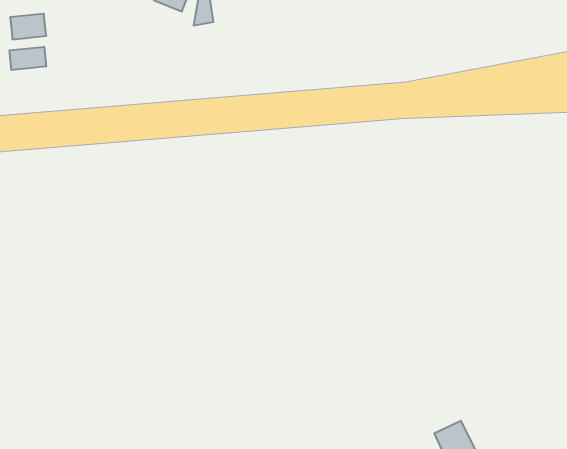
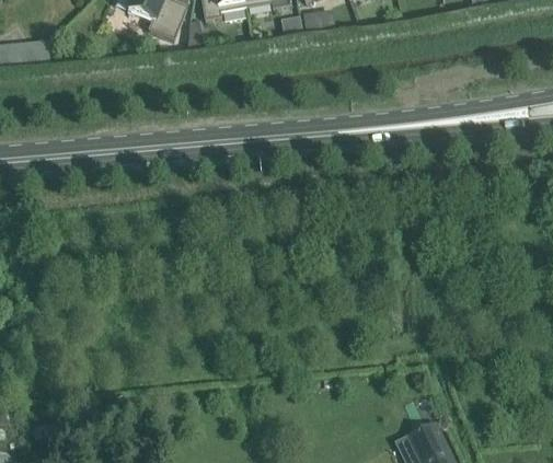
building: [10,47,46,70] -> none

